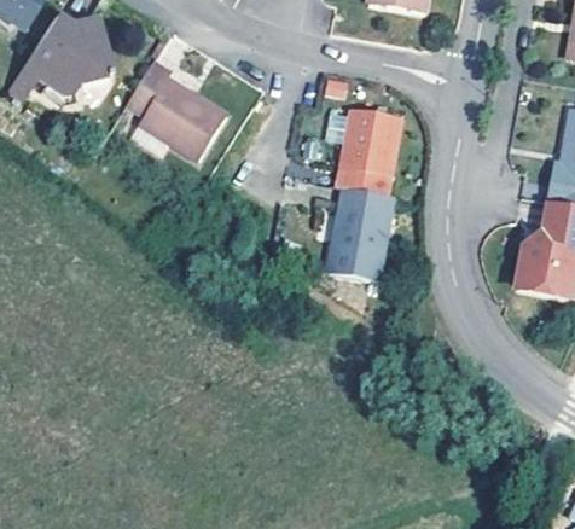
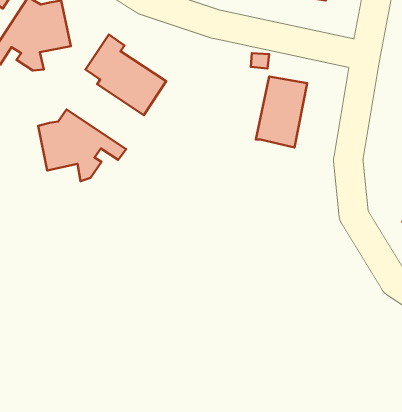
building: none -> [38,109,126,181]
building: [324,186,390,280] -> none

